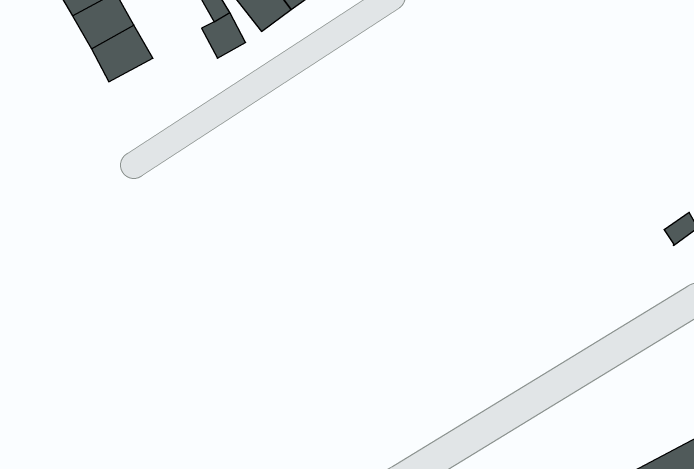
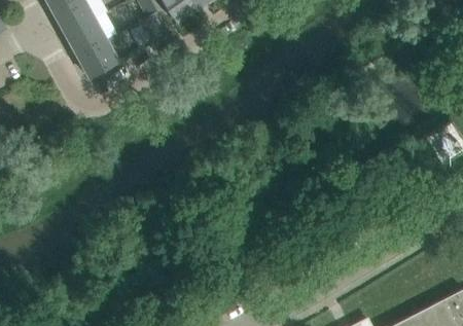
building: none -> [78,34,123,77]

